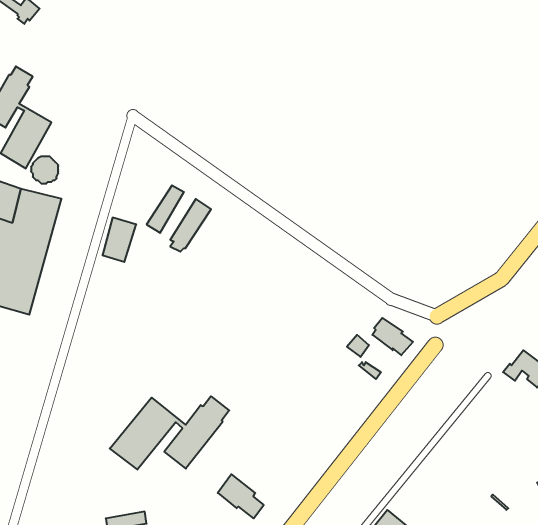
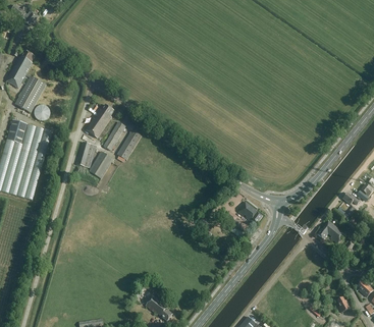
building: none -> [86,104,114,137]
building: none -> [89,150,114,178]
building: [110,396,229,470] -> none

